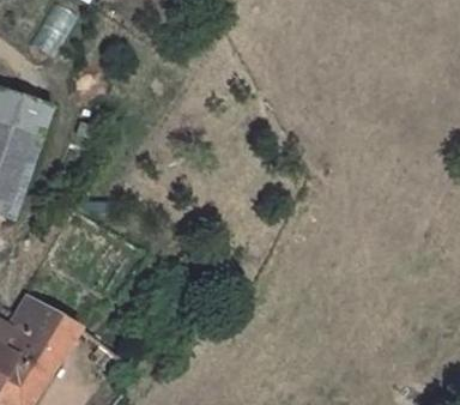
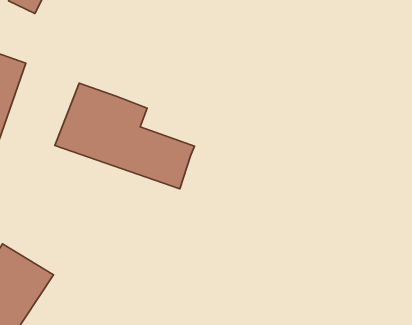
building: none -> [55,83,195,189]

